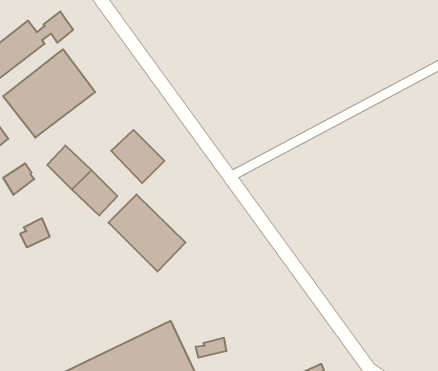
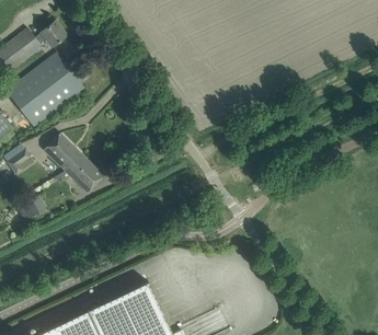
building: [111,130,164,183] -> none
building: [108,194,186,272] -> none

